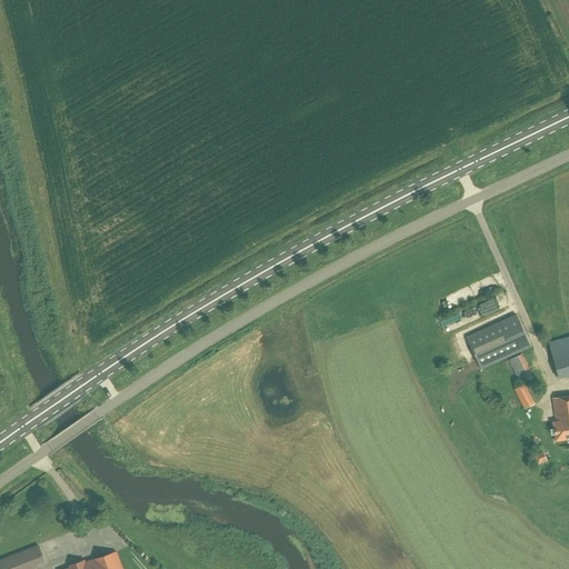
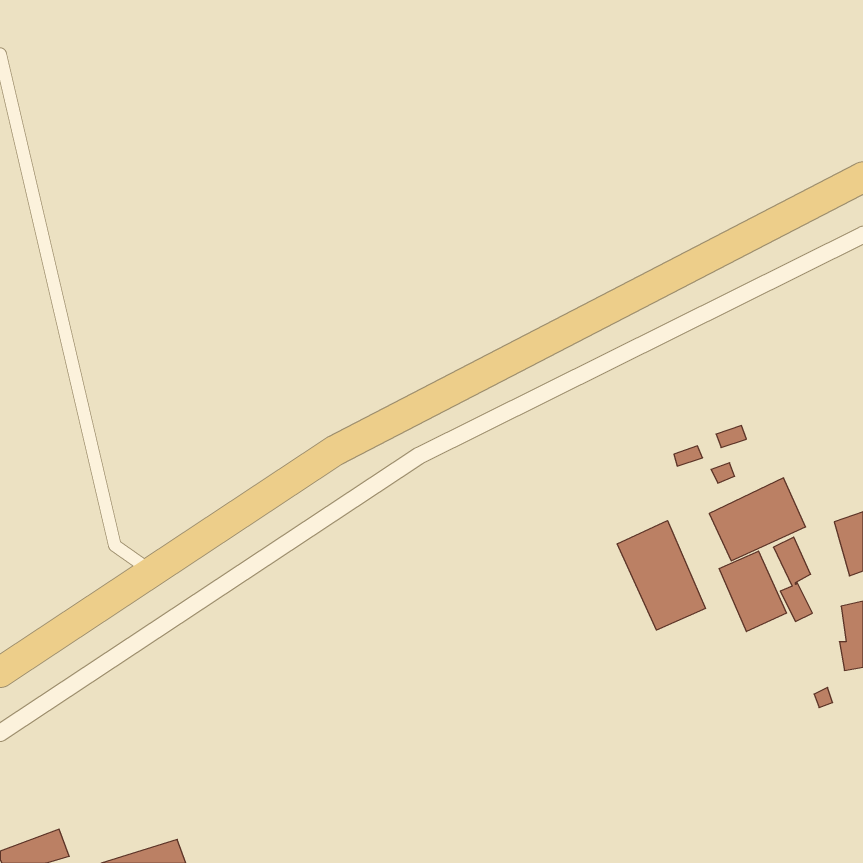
building: none -> [617,521,706,630]
building: none -> [719,551,787,632]

